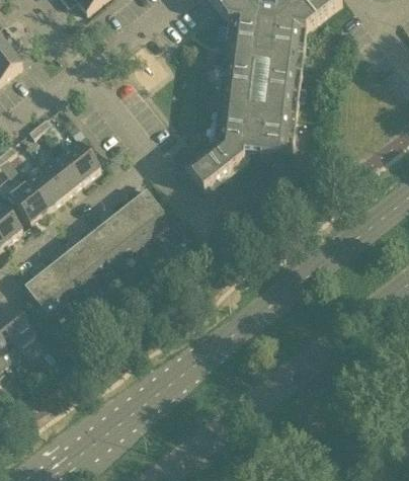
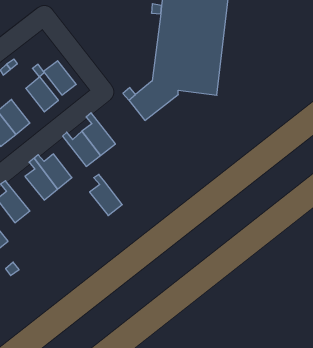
building: [43,152,82,193] -> [44,61,76,95]
building: [93,210,133,259] -> [90,174,122,216]
building: [35,258,82,300] -> none

